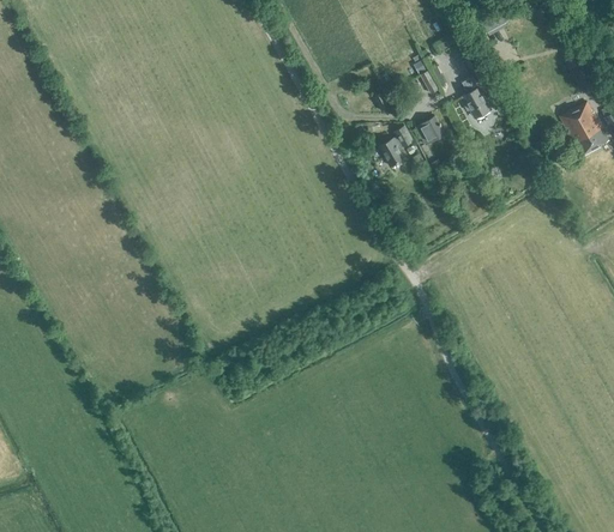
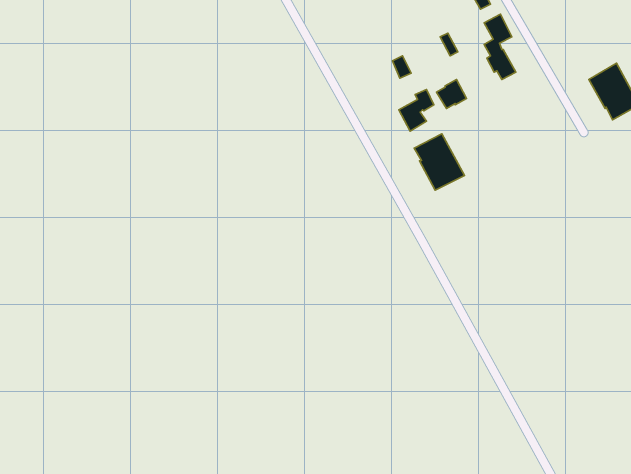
building: none -> [414,134,465,190]

